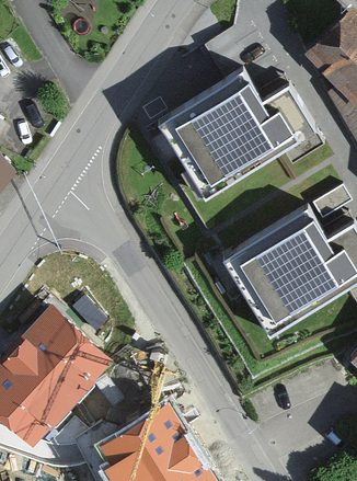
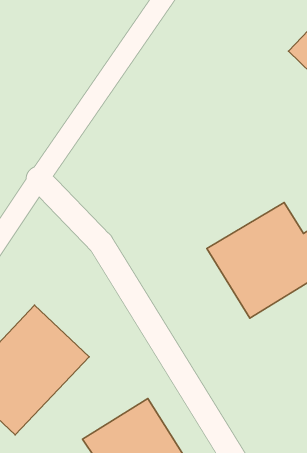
building: [169,70,322,186] -> none

